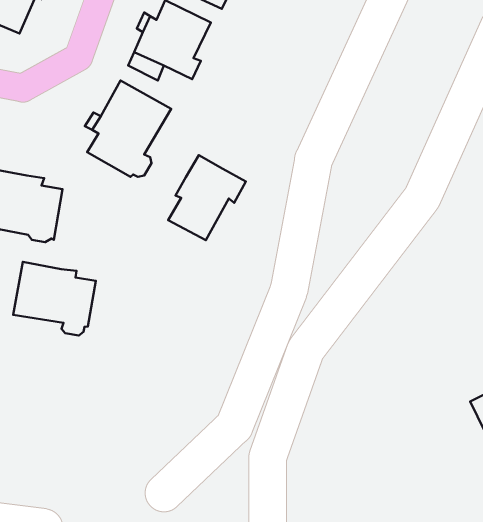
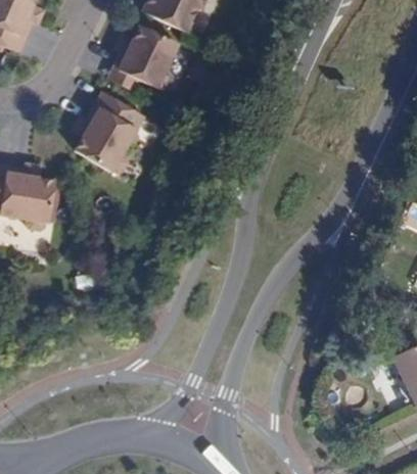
building: [168,155,246,240] -> none
building: [13,262,96,335] -> none

